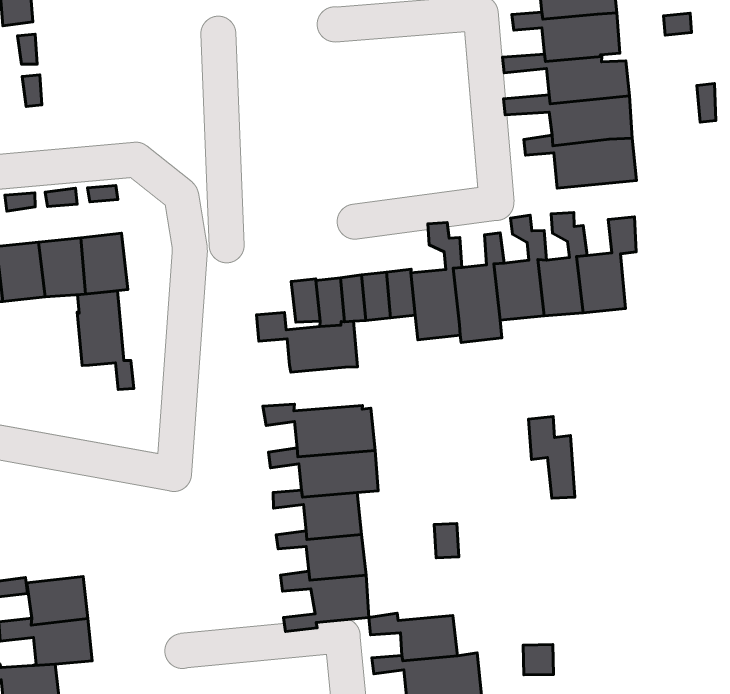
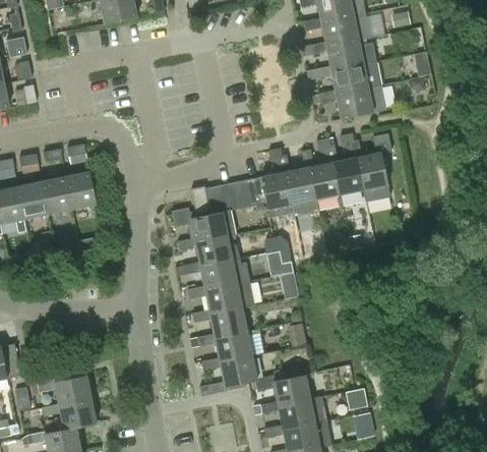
building: [77,291,134,390] -> none
building: none -> [178,237,240,266]
building: [529,416,575,498] -> [266,249,298,297]

